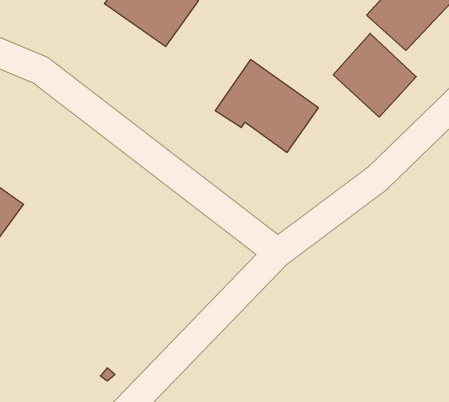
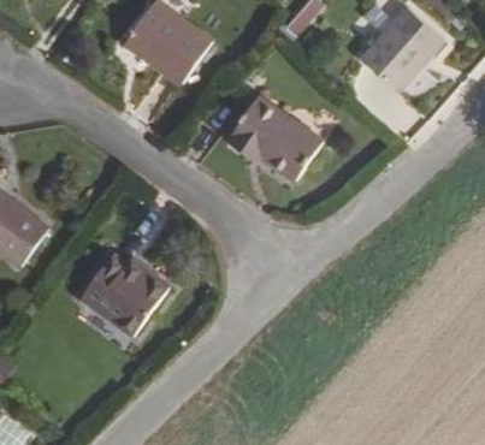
building: [333,33,416,117] -> none
building: none -> [78,255,168,338]

